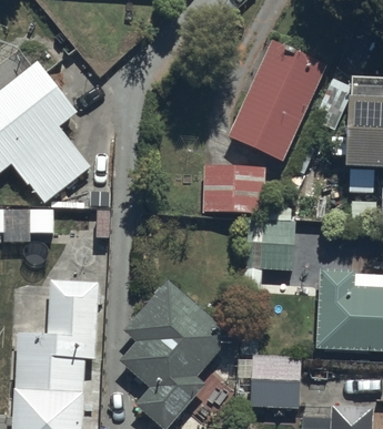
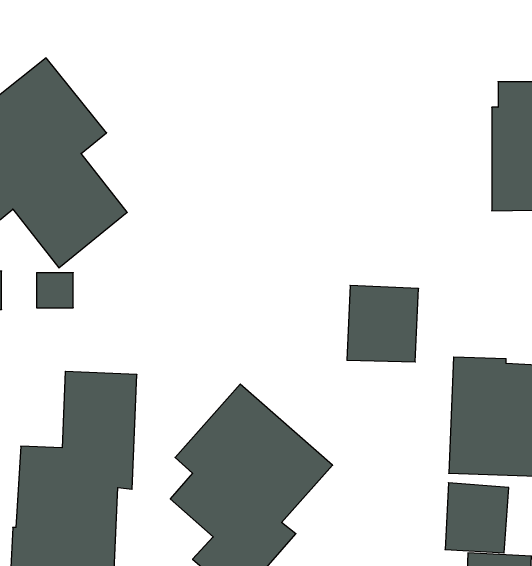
building: [228,38,327,161] -> none
building: [203,165,263,212] -> none
building: [254,356,299,405] -> [445,483,509,553]

